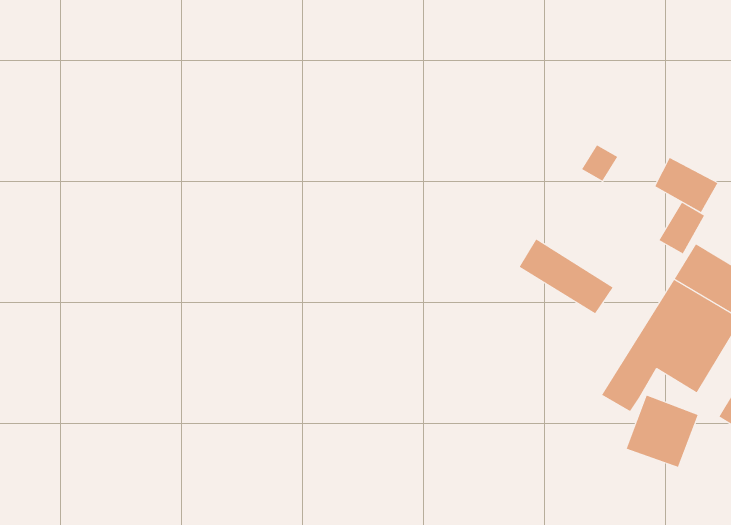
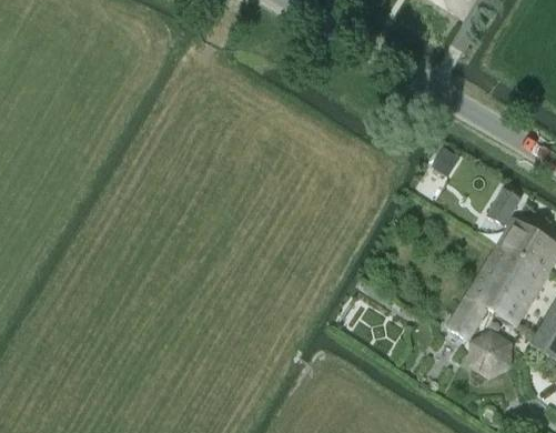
building: [654,157,718,213] -> none
building: [519,239,613,314] -> none

